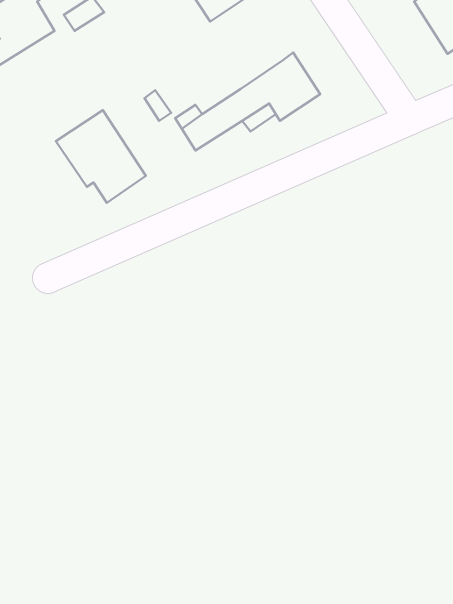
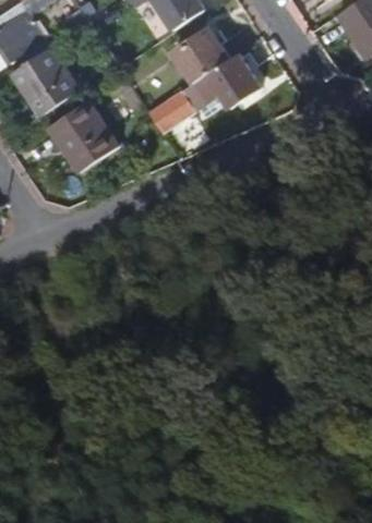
building: none -> [177,31,231,84]
building: none -> [11,45,79,113]

